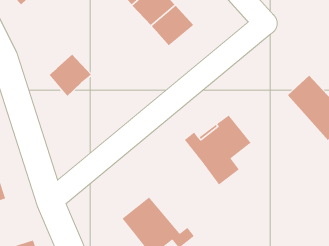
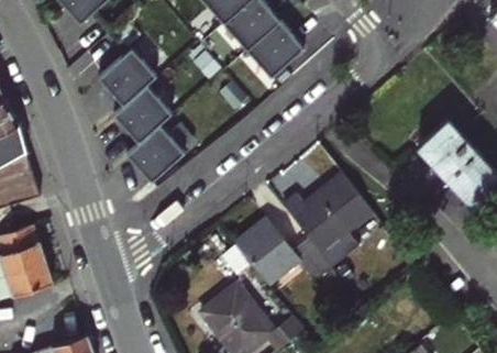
building: none -> [95,56,150,111]
building: none -> [120,131,176,187]
building: none -> [235,218,327,284]

